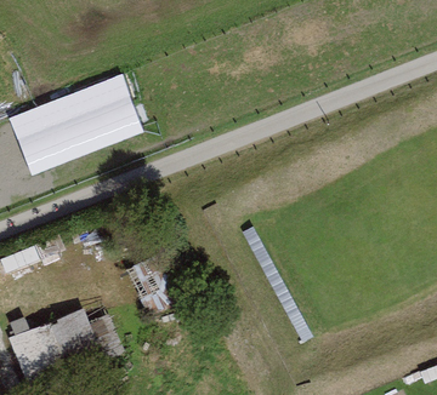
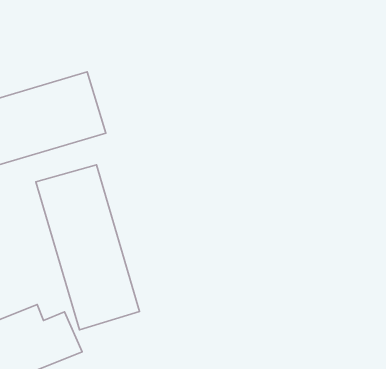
building: none -> [36,165,140,330]

